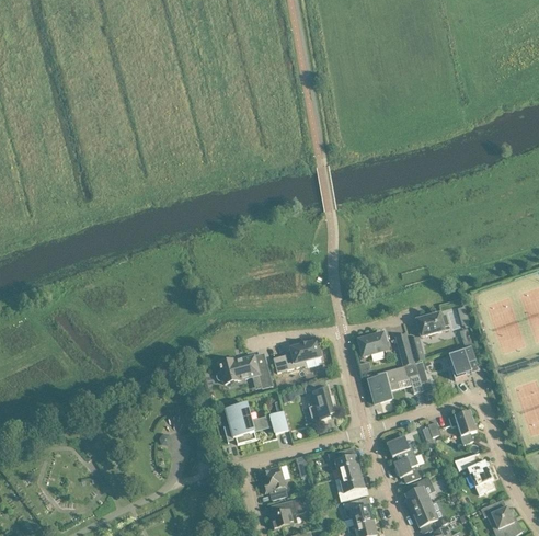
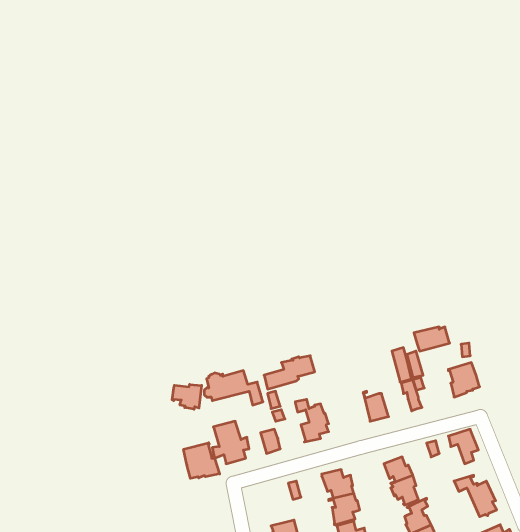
building: [357,332,387,355] -> none
building: none -> [172,384,202,409]
building: none -> [184,443,220,478]
building: [260,467,288,499] -> none

